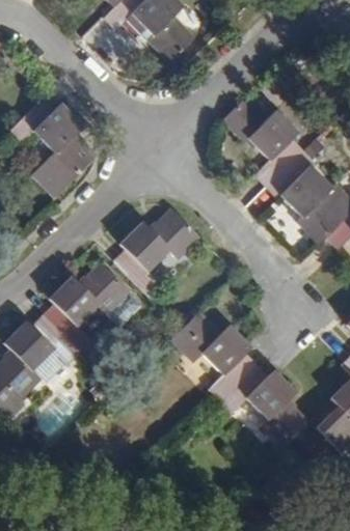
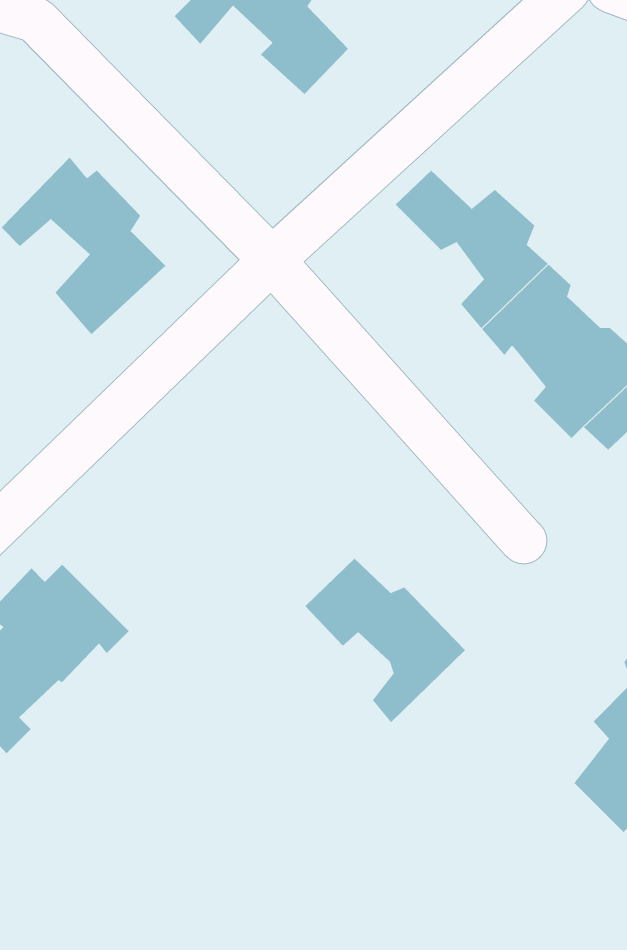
building: [114,203,200,294] -> none
building: [42,260,138,352] -> none
building: [219,360,307,448] -> none

